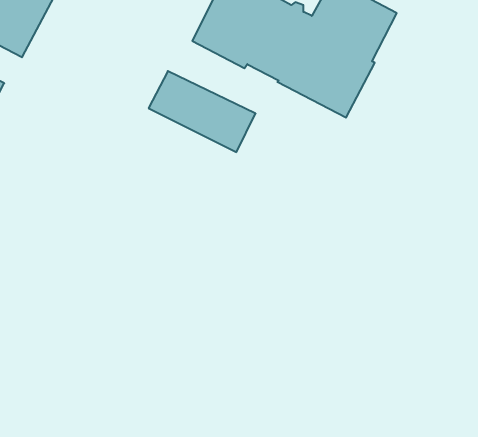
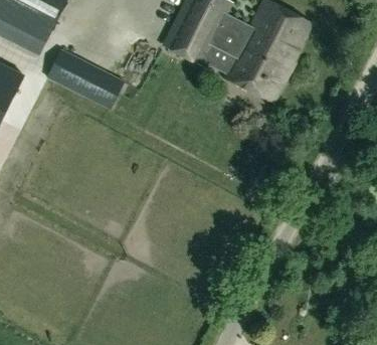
building: [149,71,256,152] -> [45,49,124,109]

